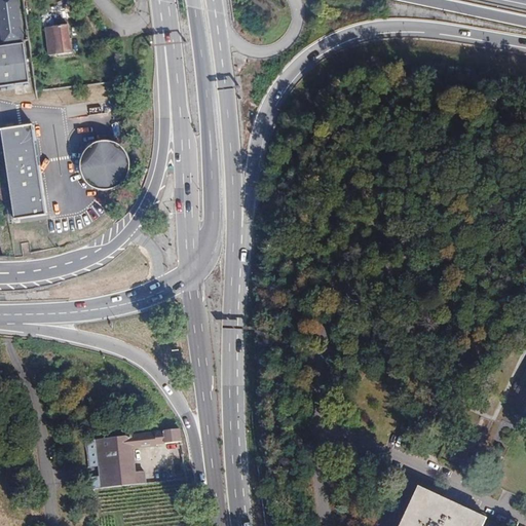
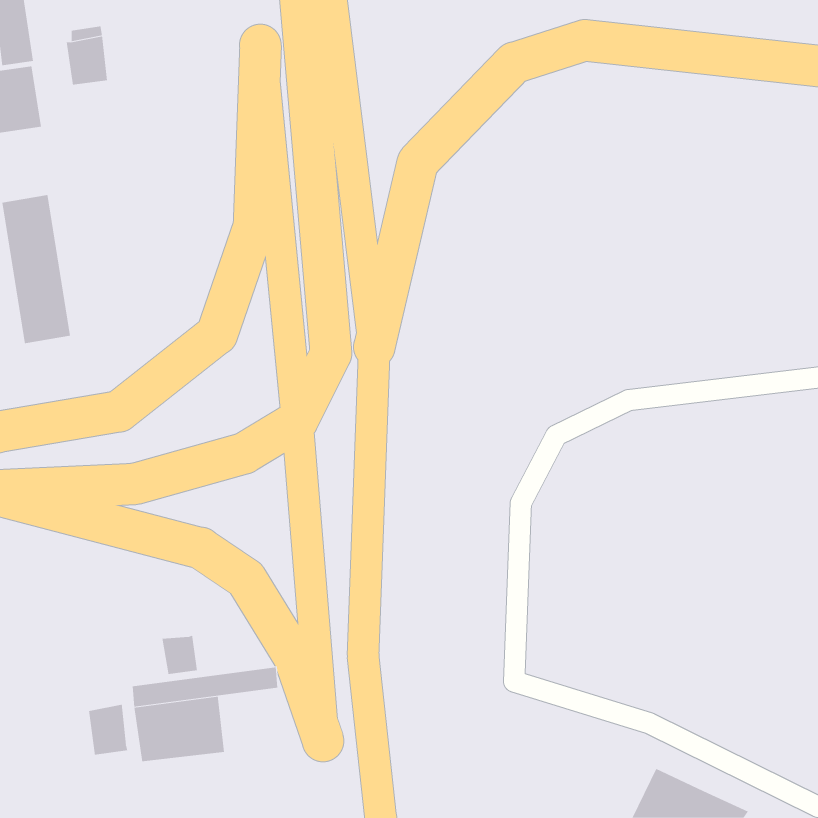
building: [76,139,125,188] -> none
building: none -> [162,635,197,675]
building: none -> [88,704,128,755]

